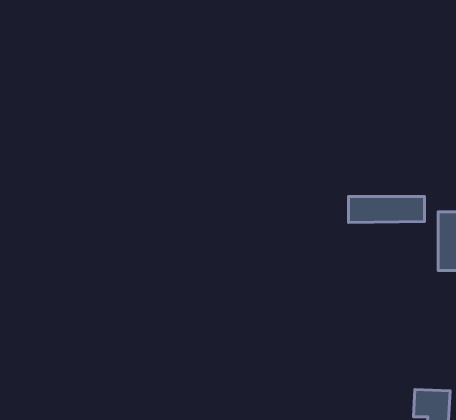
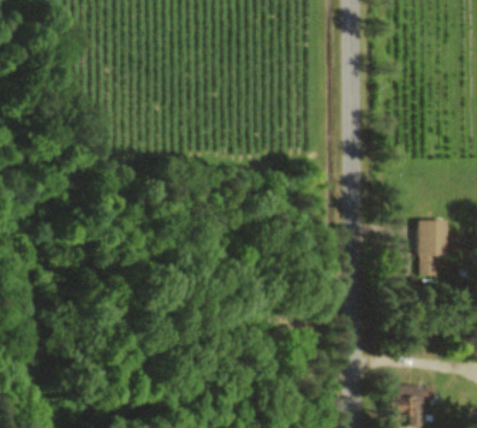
building: [349,196,425,222] -> none

